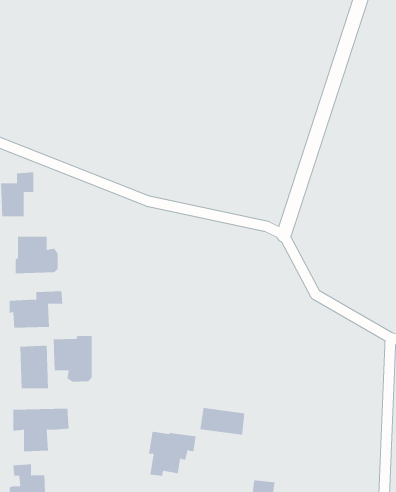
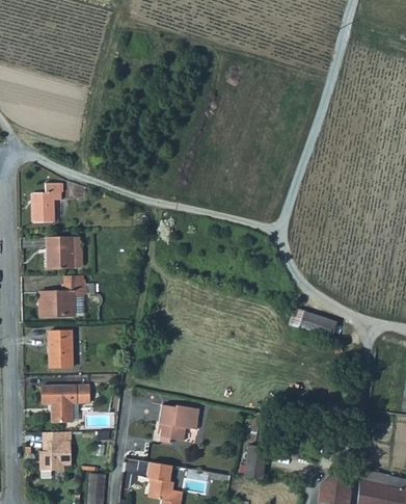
building: none -> [299,311,337,340]
building: [53,335,92,382] -> none
building: [200,407,245,436] -> none

